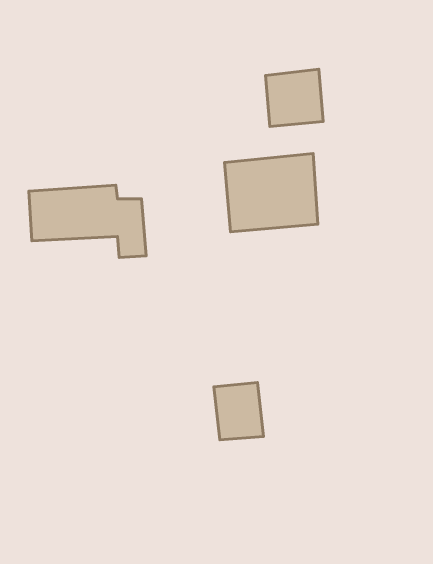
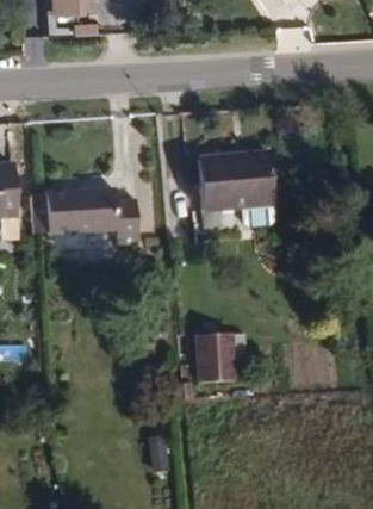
building: [266,69,323,127] -> none

